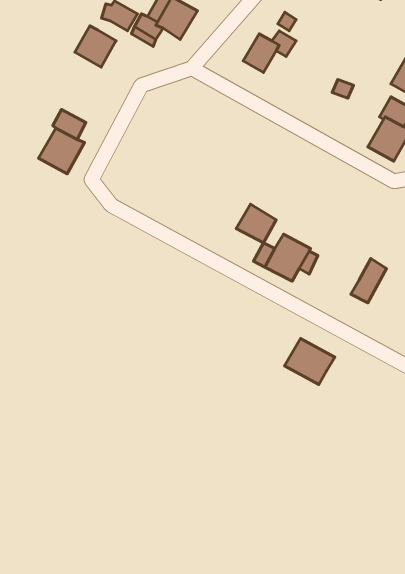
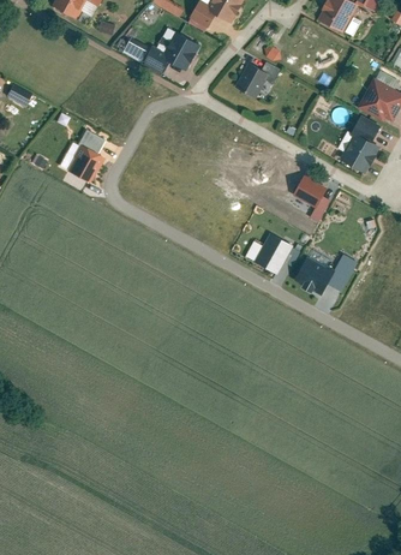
building: [75,26,116,67] -> none
building: [236,204,276,243] -> [293,175,327,208]
building: [285,339,335,384] -> [292,256,334,294]

